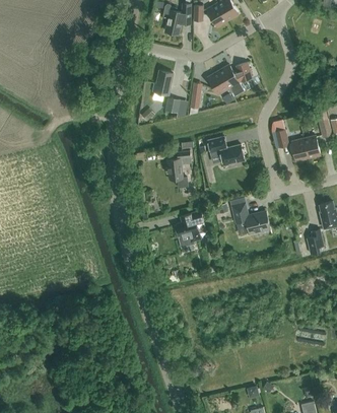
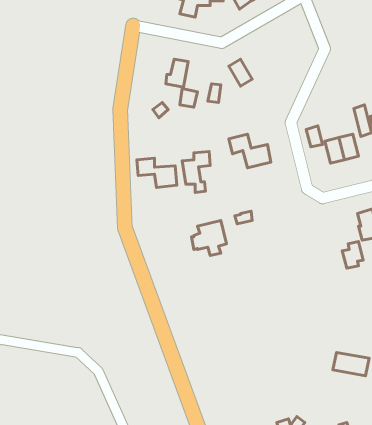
building: [217,62,251,95] -> none
building: none -> [137,158,177,188]
building: [231,203,269,232] -> none

